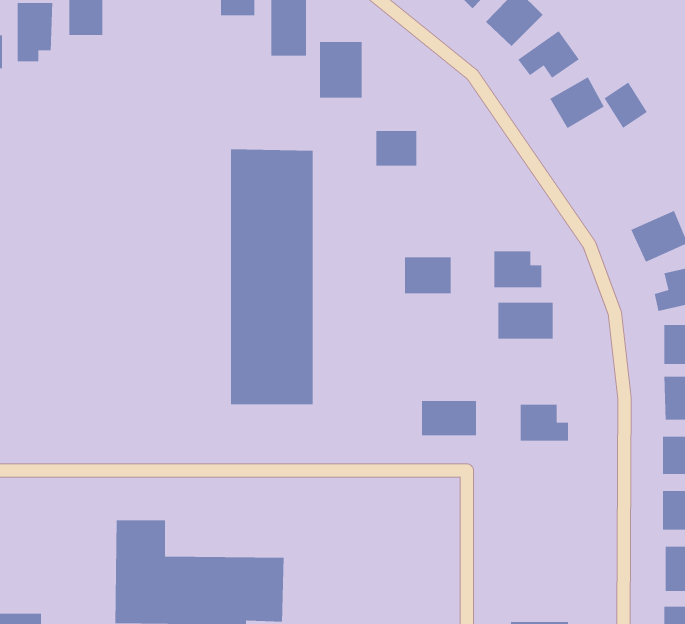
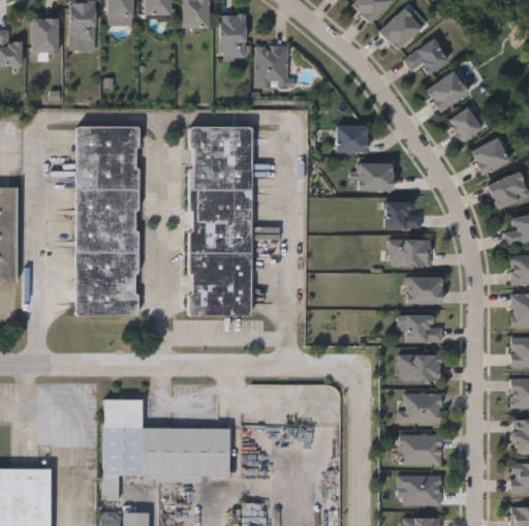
building: [603,81,648,129] -> [449,106,483,142]
building: [376,130,417,166] -> [337,125,368,152]
building: none -> [76,126,138,315]
building: none -> [471,137,510,175]
building: [404,256,451,294] -> [359,162,394,190]
building: none -> [407,276,442,304]
building: [421,400,477,436] -> [399,354,440,381]
building: none -> [397,394,441,424]
building: none -> [399,435,441,465]

